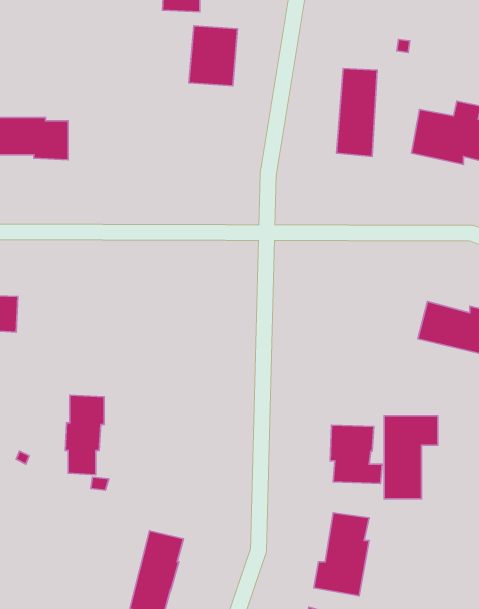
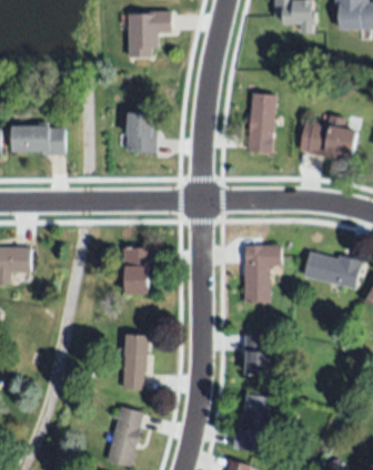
building: [189,26,238,86] -> [124,113,158,154]
building: none -> [122,248,153,293]
building: [65,395,104,475] -> [121,336,148,390]
building: [384,416,438,499] -> [244,246,281,303]

